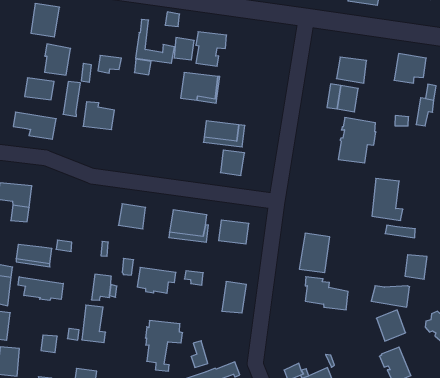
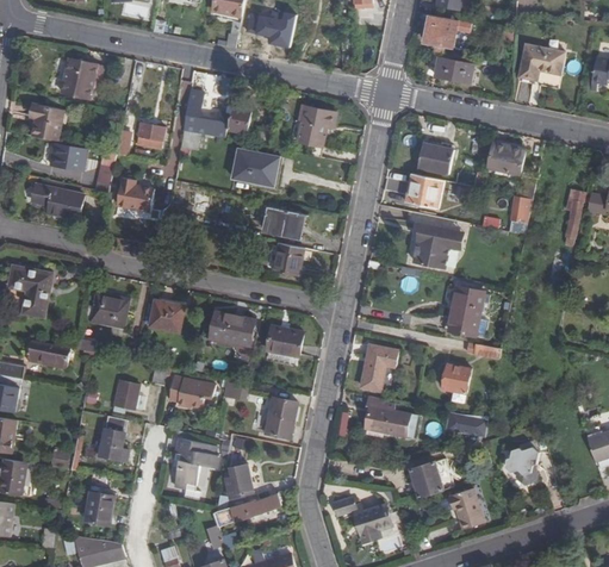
building: [196,32,227,66] -> [298,105,336,147]
building: [45,44,71,75] -> [32,102,64,141]
building: none -> [89,289,129,326]
building: [405,255,427,279] -> [442,366,470,395]
building: [18,277,63,300] -> none
building: [376,310,406,341] -> [409,462,442,498]

